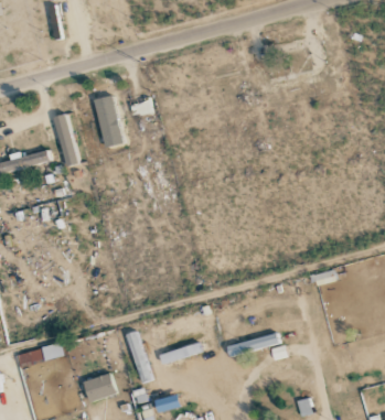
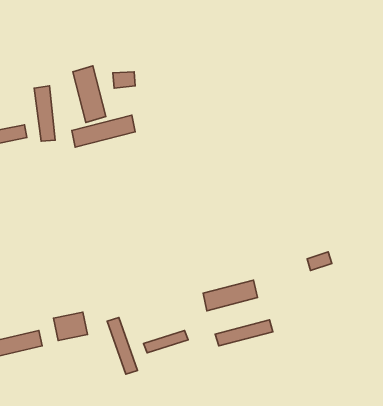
building: none -> [72,115,135,147]
building: none -> [203,280,257,311]
building: [83,375,115,401] -> [53,312,88,340]

